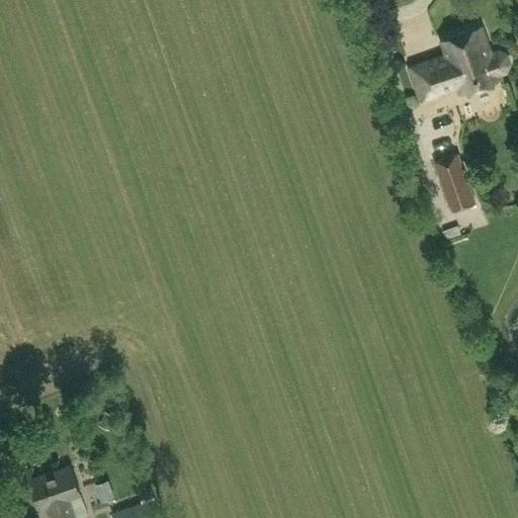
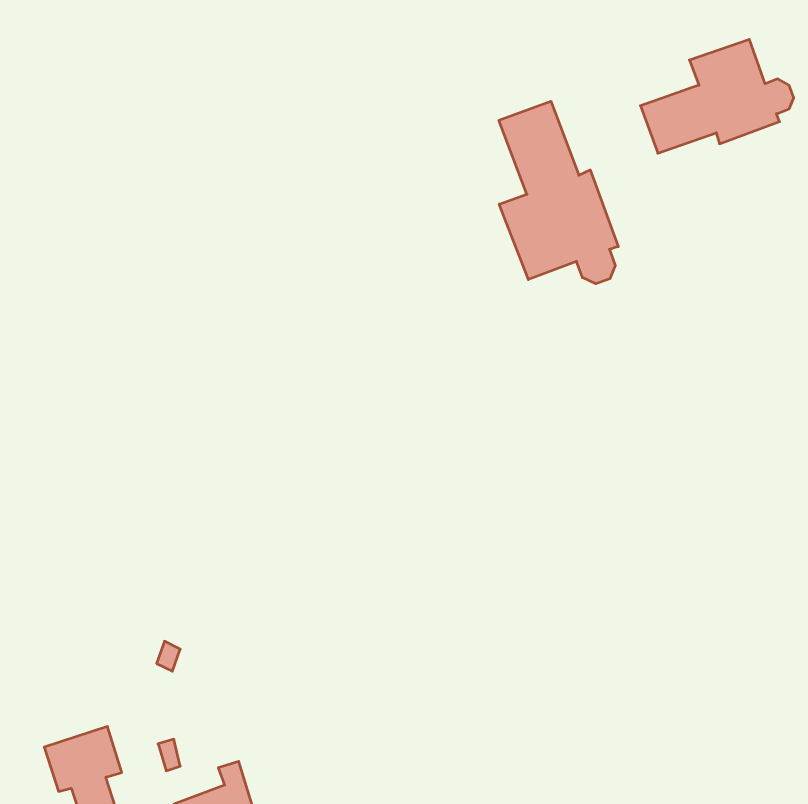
building: none -> [499,101,618,284]
building: [433,155,476,212] -> none

